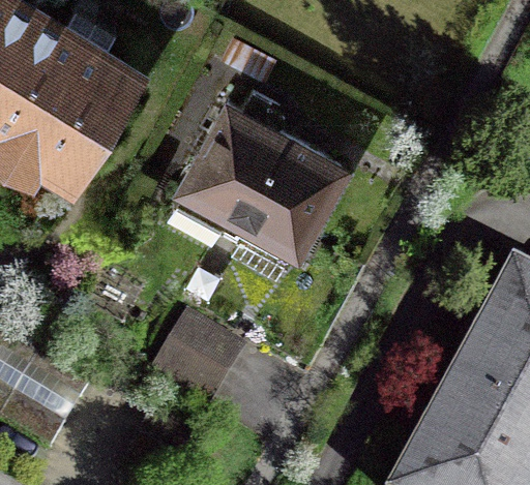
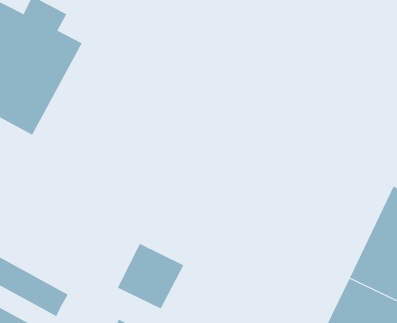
building: [168,104,338,263] -> none

